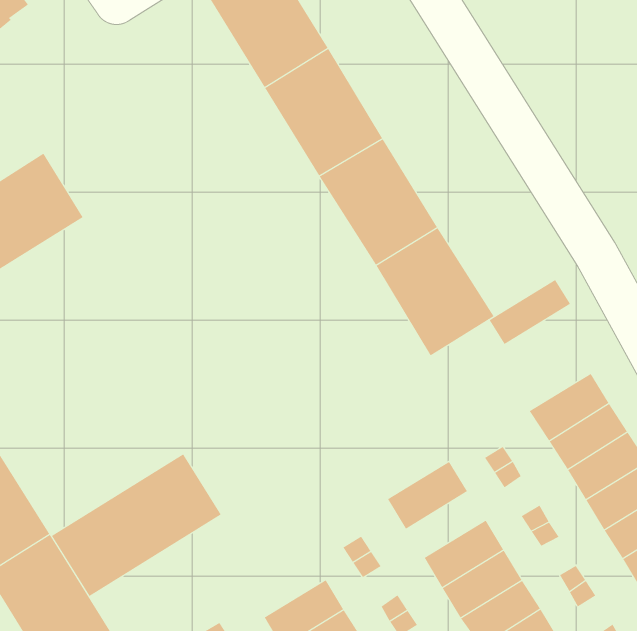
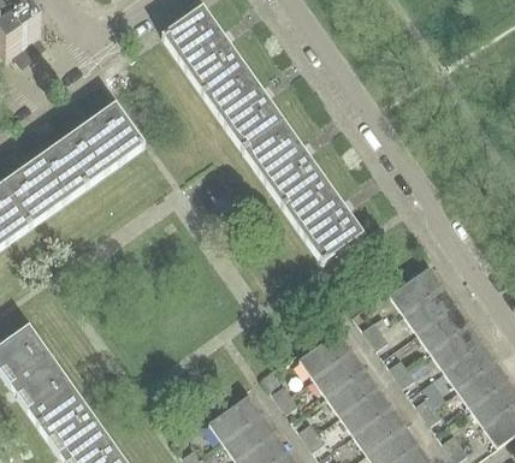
building: none -> [59,103,144,184]
building: [489,279,571,345] -> none
building: [51,454,221,597] -> none
building: none -> [313,350,366,396]
building: none -> [209,394,262,441]

